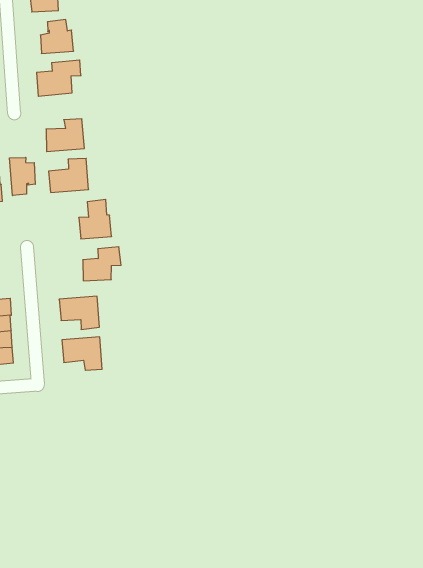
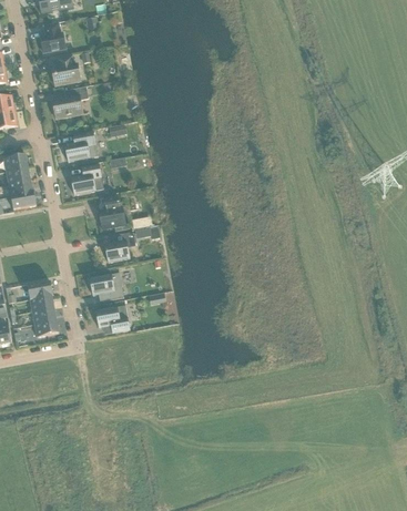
building: [10,157,35,196] -> none

